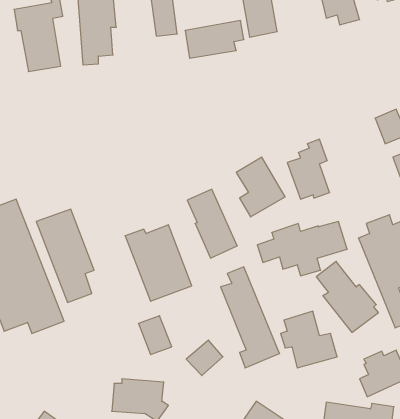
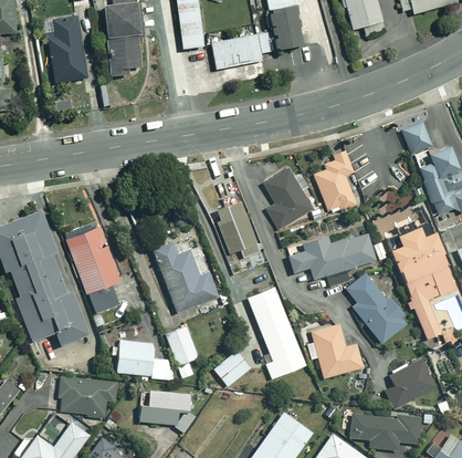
building: none -> [112,340,176,381]
building: none -> [59,376,116,418]

